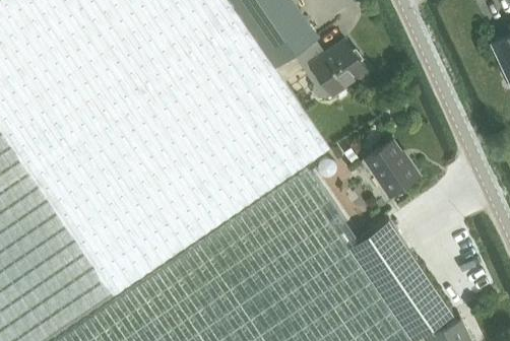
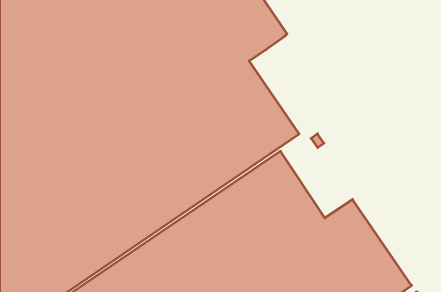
building: [294,40,366,99] -> none
building: [367,143,418,194] -> none

